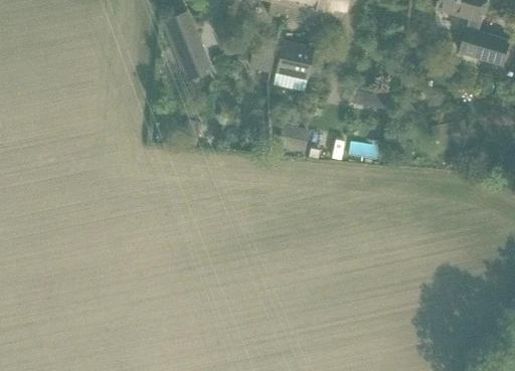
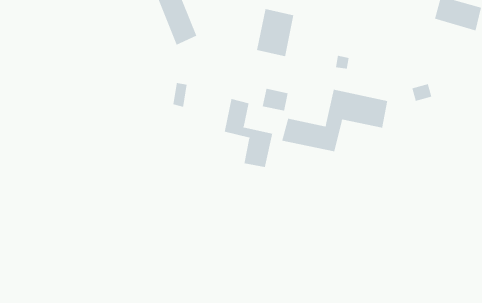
building: none -> [281,89,388,152]
building: none -> [224,98,273,168]

